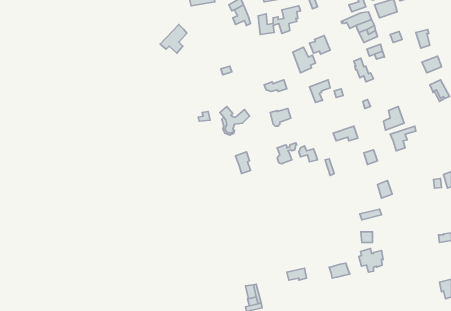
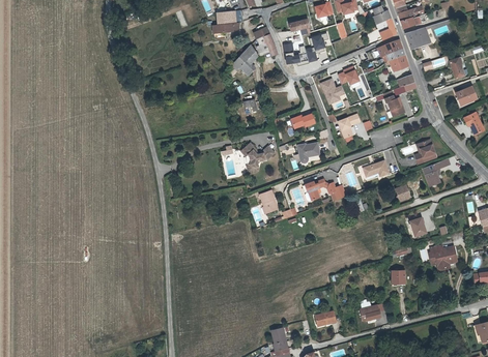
building: [160,24,187,53] -> [230,46,258,76]
building: [359,249,383,272] -> [429,245,455,270]

